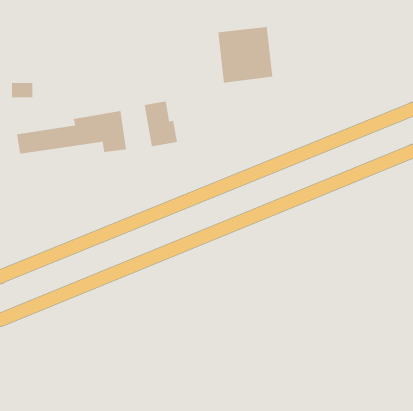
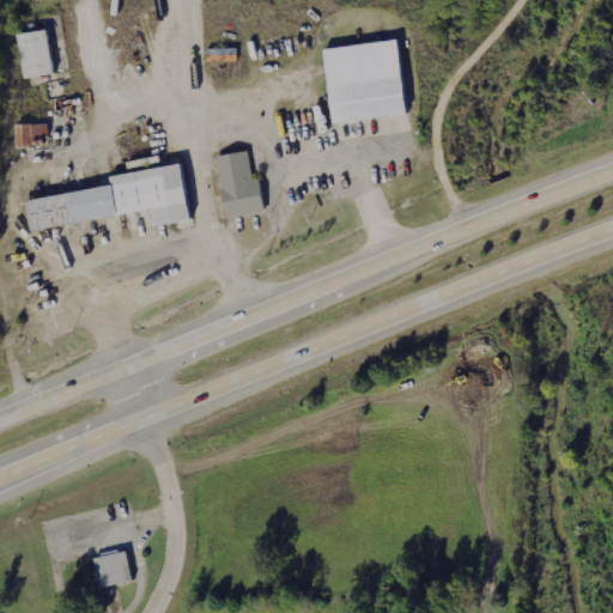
building: none -> [20,29,55,75]
building: none -> [93,548,133,585]

